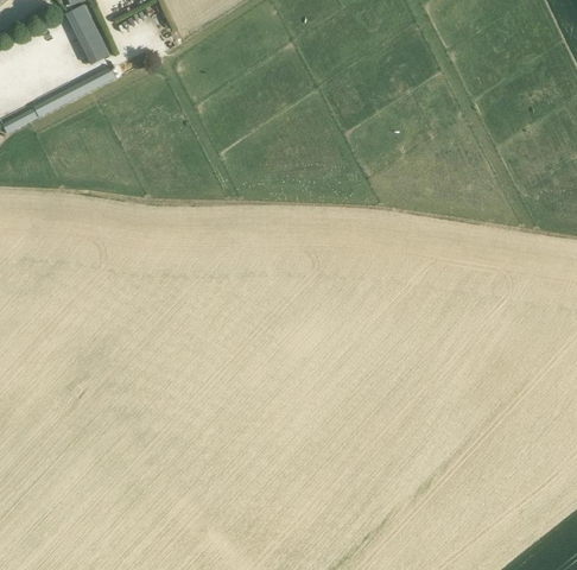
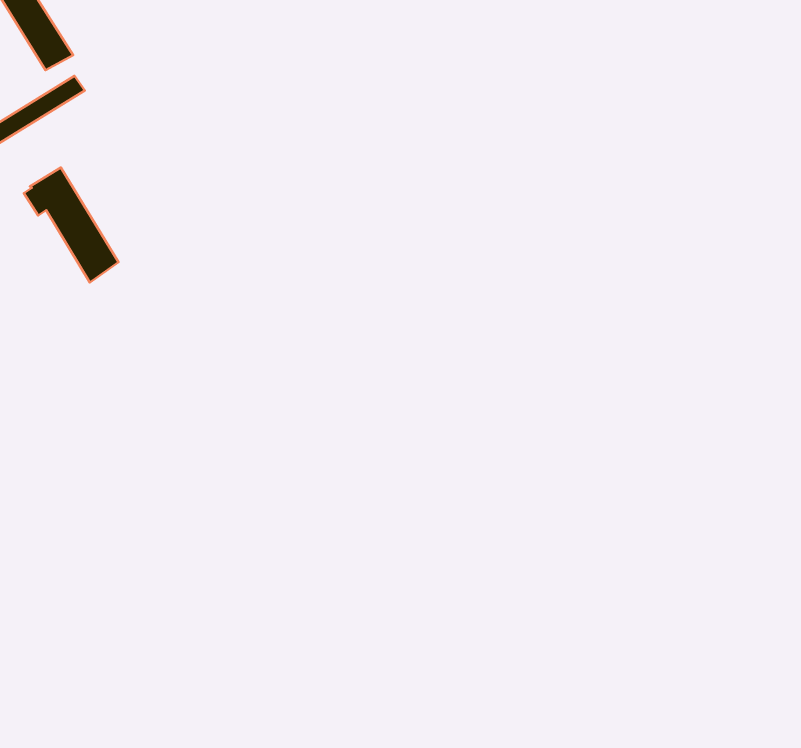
building: none -> [24,168,119,282]

